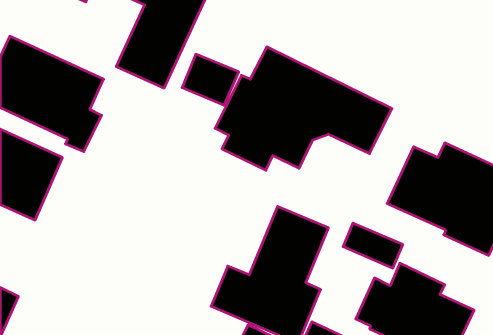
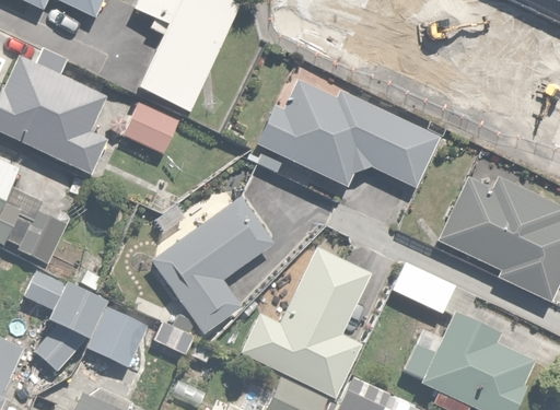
building: [182,54,239,105] -> [124,101,187,157]
building: none -> [149,196,276,337]
building: none -> [19,265,106,372]
building: none -> [88,306,148,368]

